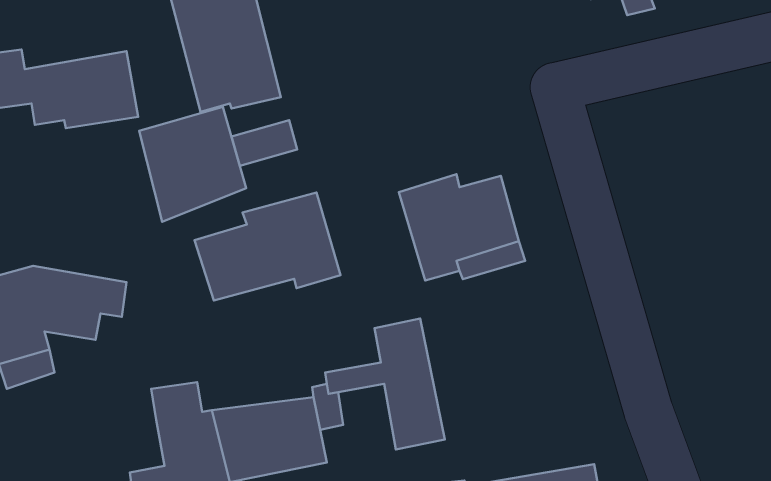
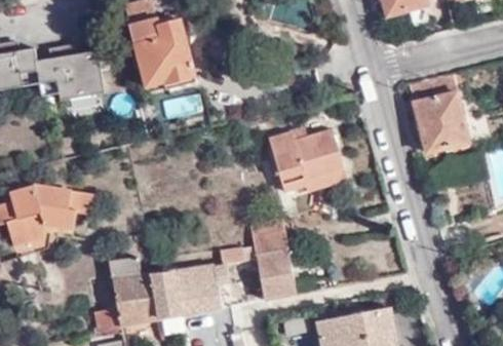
building: none -> [410,73,468,154]
building: [139,107,246,222] -> none
building: [195,192,340,301] -> none

